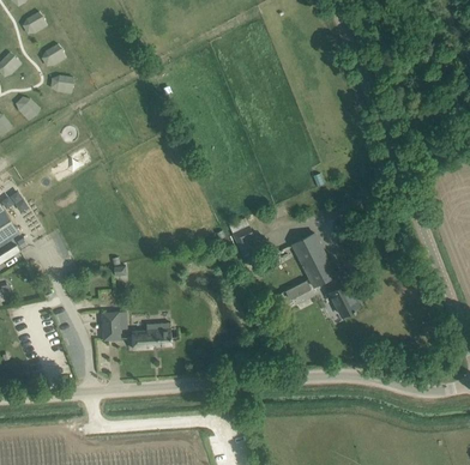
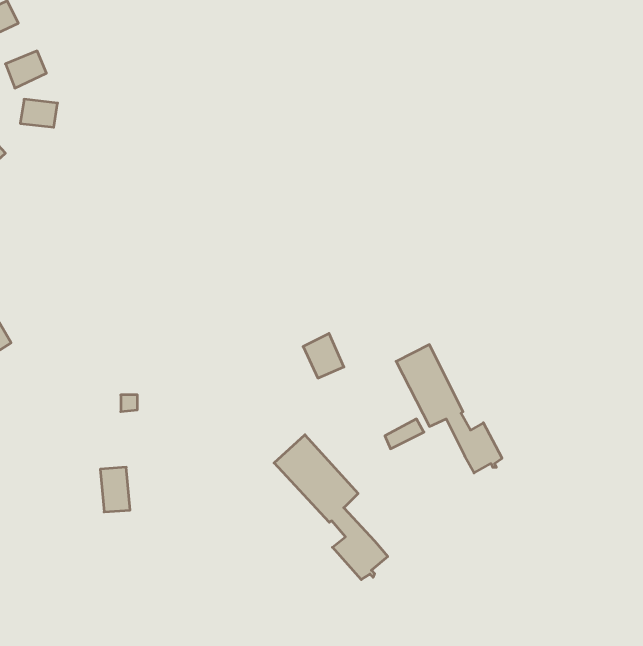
building: none -> [274,435,388,580]
building: [131,322,171,349] -> none

